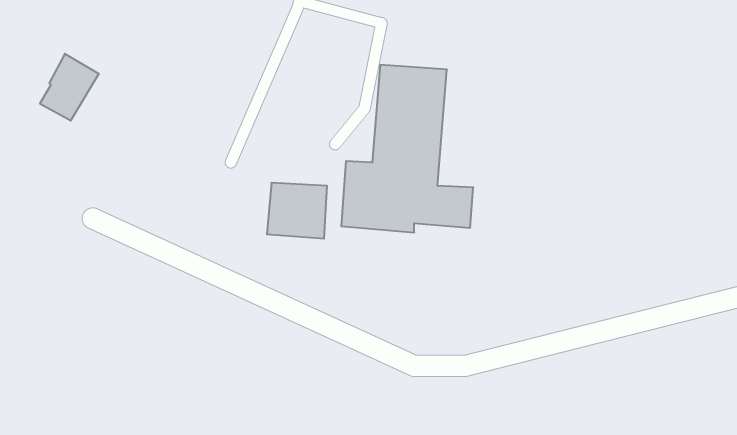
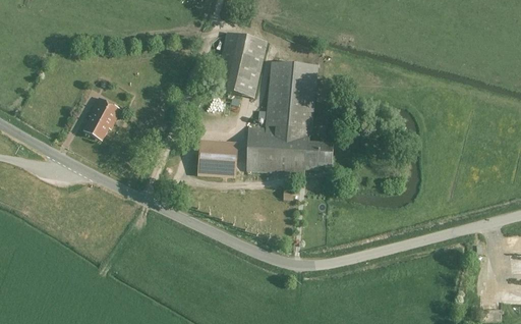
building: none -> [217,33,266,94]
building: [40,54,99,121] -> [81,96,120,140]

